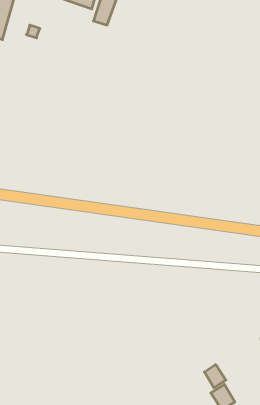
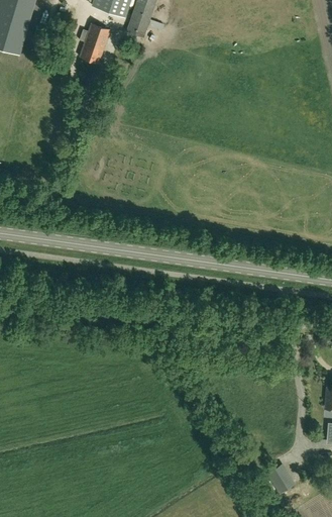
building: none -> [80,22,110,63]
building: [204,365,226,388] -> none

